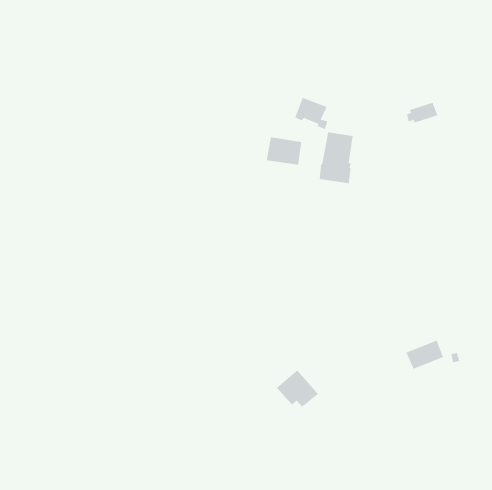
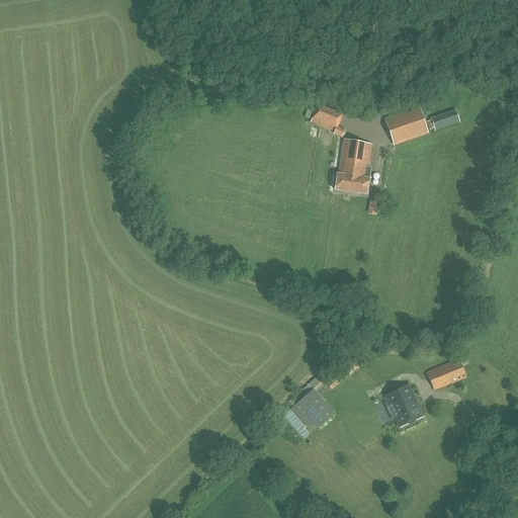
building: none -> [385,107,426,143]
building: [266,137,302,165] -> none
building: none -> [383,382,423,427]

